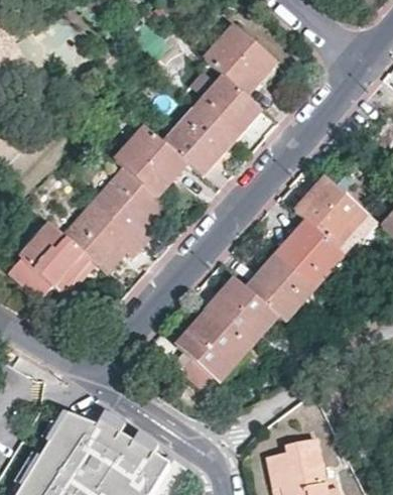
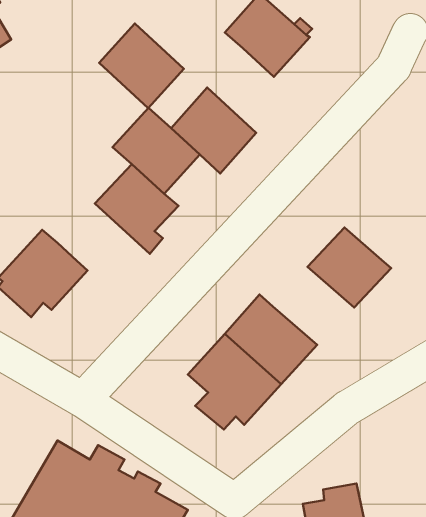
building: [189,72,261,143] -> [99,23,184,108]
building: [293,177,367,250] -> none
building: [63,203,141,272] -> none
building: [245,256,313,324] -> none

